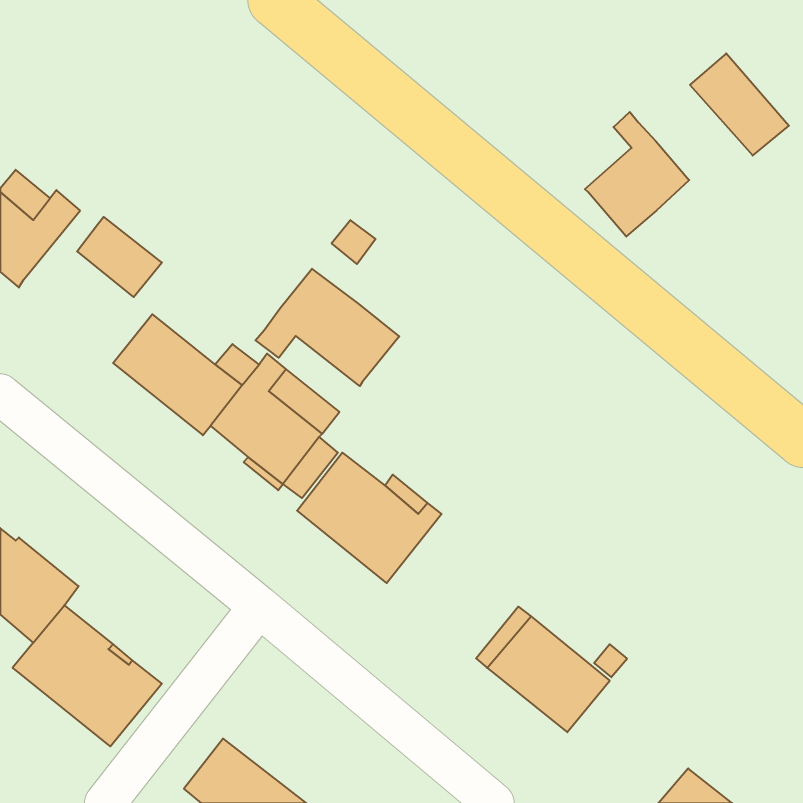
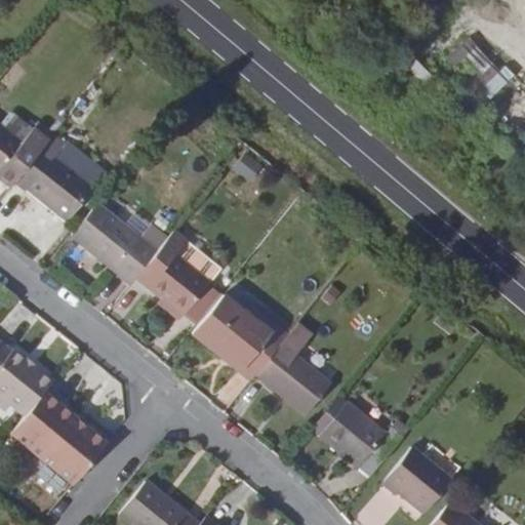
building: [585,112,689,237] -> none
building: none -> [15,137,87,221]
building: [255,269,399,386] -> none
building: none -> [256,323,330,414]
building: none -> [383,449,452,515]

